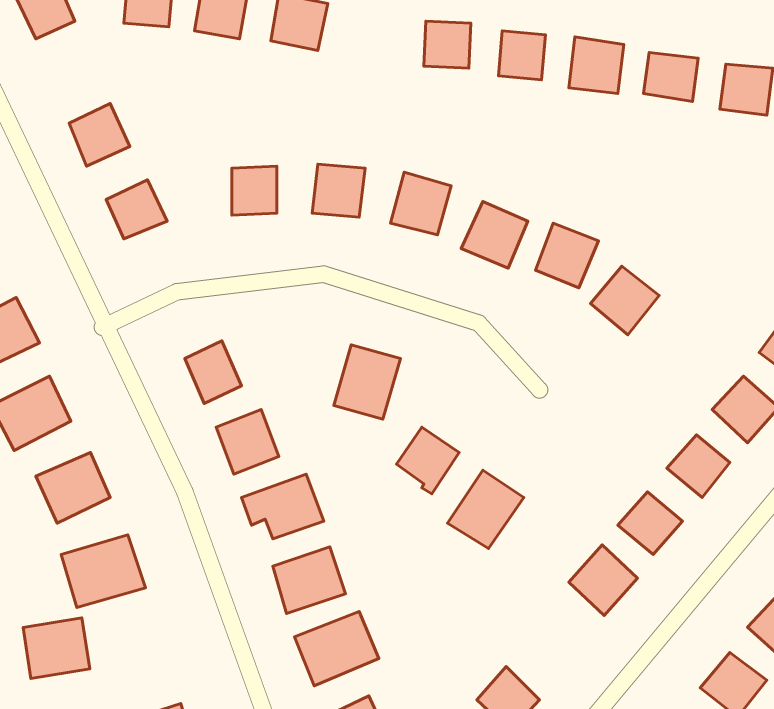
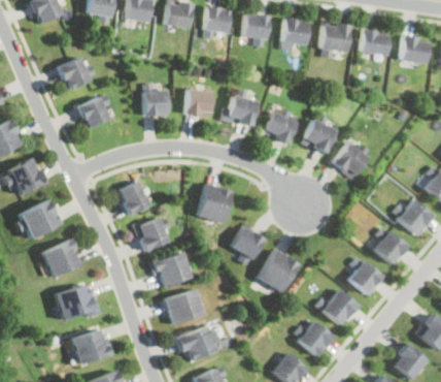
building: none -> [206,7,231,32]
building: none -> [299,321,334,356]
building: [23,618,90,678] -> [73,331,108,363]

